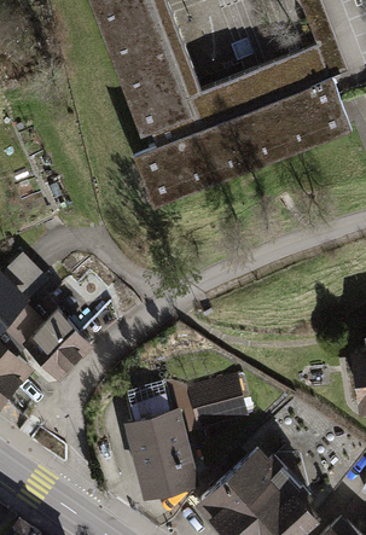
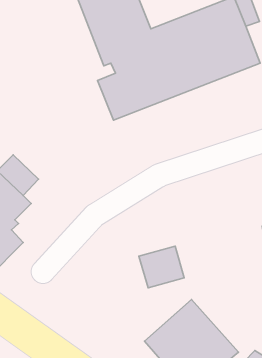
building: [23,306,93,376] -> none
building: [124,407,199,496] -> none

